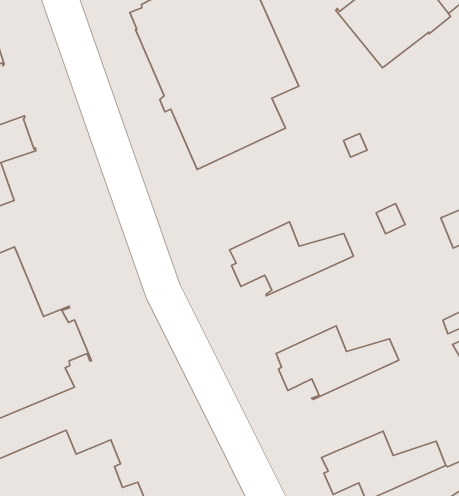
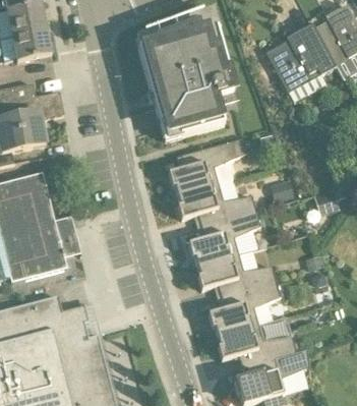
building: none -> [169,136,247,194]
building: none -> [188,210,260,265]
building: none -> [209,280,281,335]

